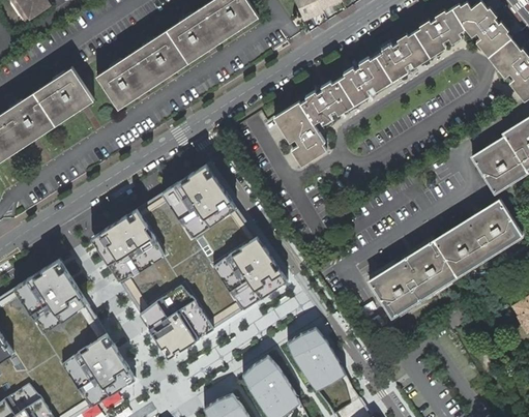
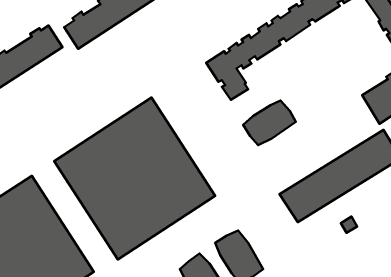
building: none -> [243,100,296,145]

